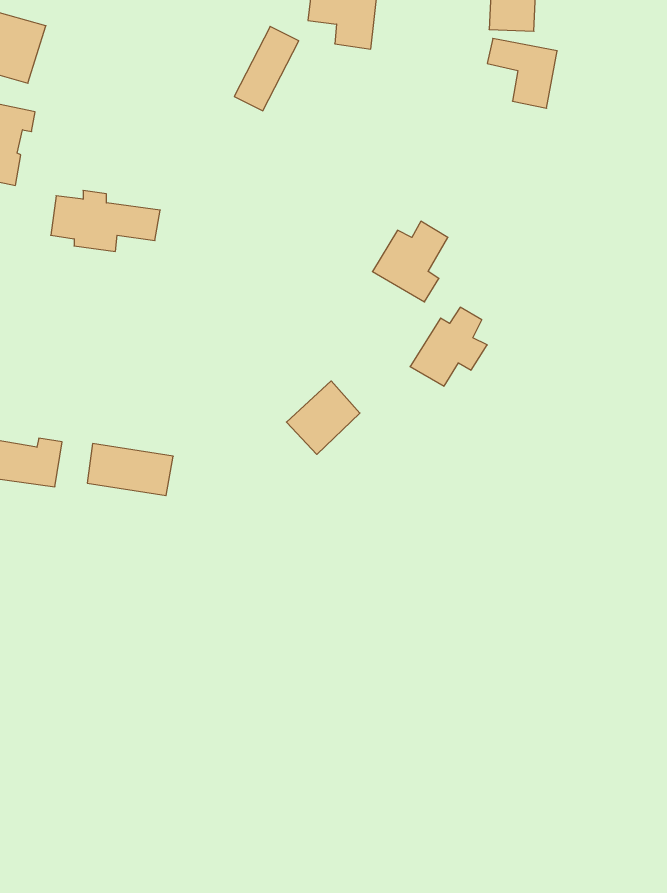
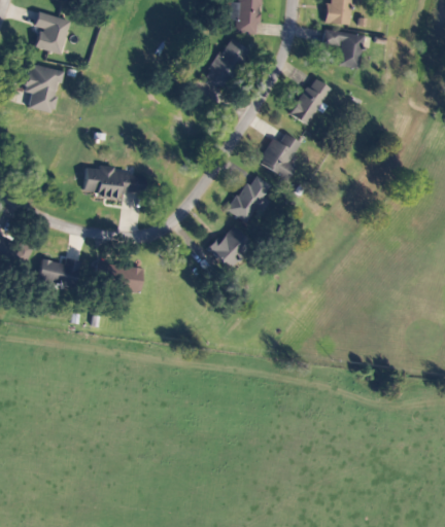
building: [234,26,299,111] -> [207,38,244,86]
building: none -> [293,78,329,126]
building: [51,190,160,251] -> [81,165,144,200]
building: [410,307,487,386] -> [228,177,272,222]

